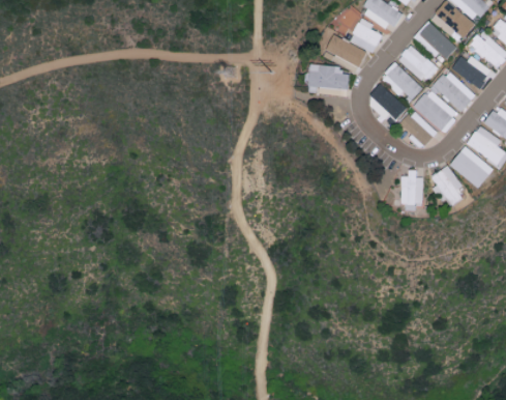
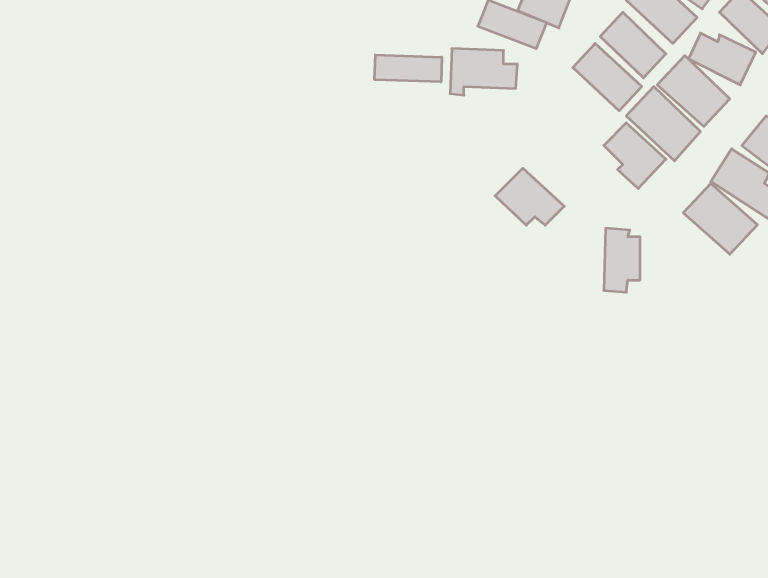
building: none -> [375,55,442,82]
building: [365,85,407,119] -> [495,168,564,225]
building: [429,166,462,208] -> none

